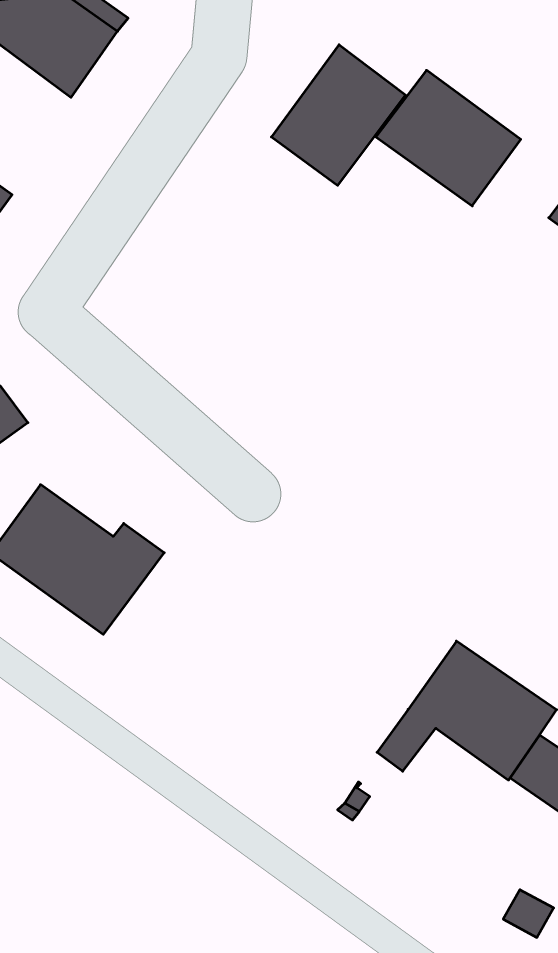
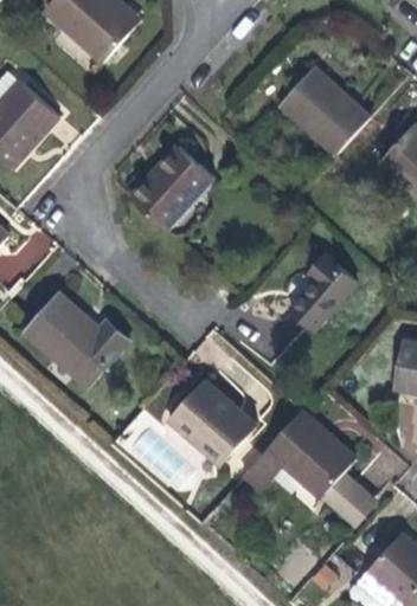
building: [271,45,406,185] -> [130,144,213,228]
building: none -> [284,257,355,334]
building: none -> [169,380,251,463]

